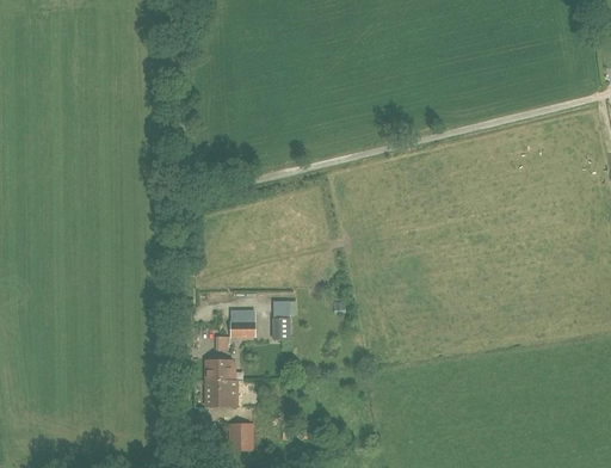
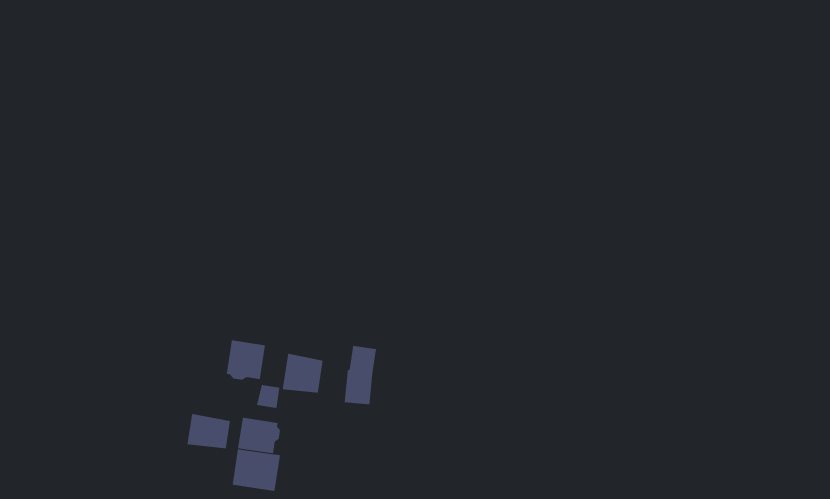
building: none -> [226,340,265,381]
building: none -> [187,413,230,449]

